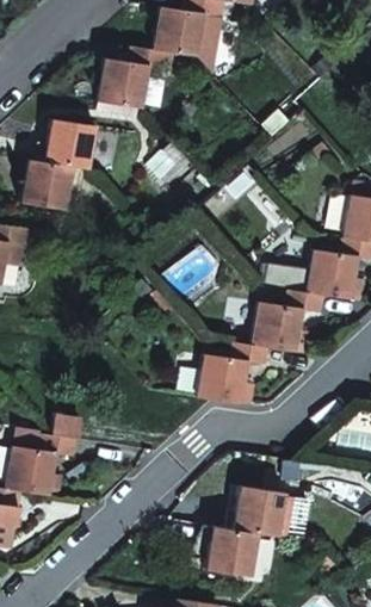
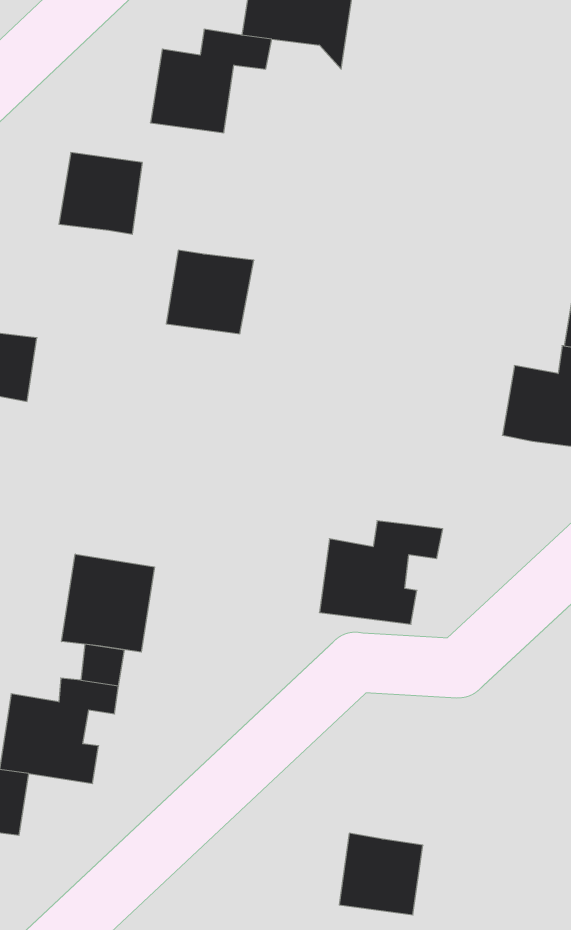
building: [18,161,70,211] -> [166,250,254,334]
building: [252,287,324,352] -> none
building: none -> [62,554,154,652]
building: [235,487,308,538] -> none

